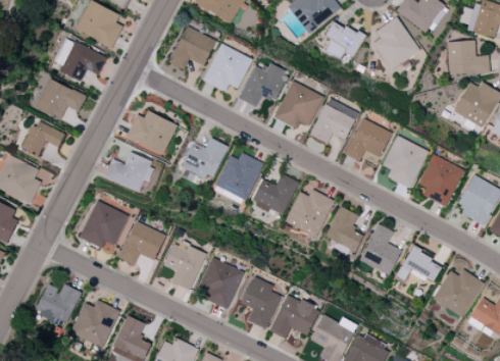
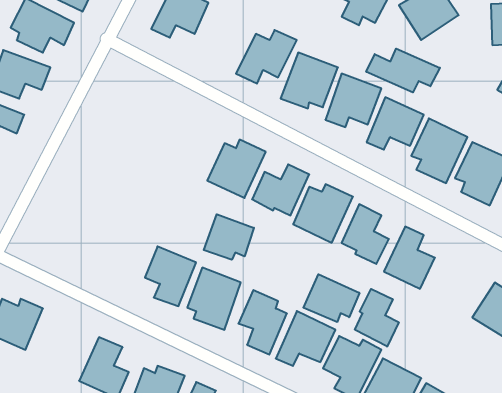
building: [204,44,252,91] -> none
building: none -> [366,49,440,92]
building: [126,111,178,155] -> none
building: [181,138,228,181] -> none
building: [105,152,155,193] -> none
building: [81,201,129,248] -> none
building: none -> [204,214,254,260]
building: [118,221,166,265] -> none
building: [398,249,443,283] -> none
building: none -> [303,274,359,322]
building: none -> [355,289,399,347]
building: [71,301,120,348] -> none

